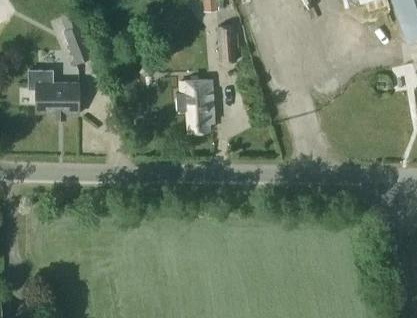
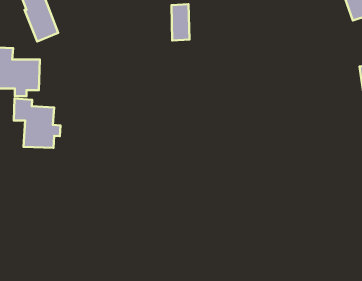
building: [176,81,214,132] -> none
building: none -> [14,99,60,148]

